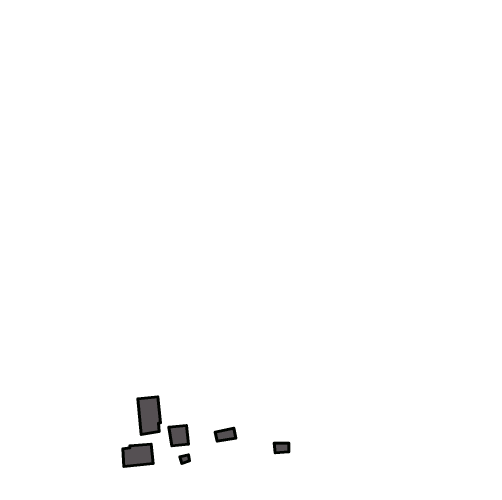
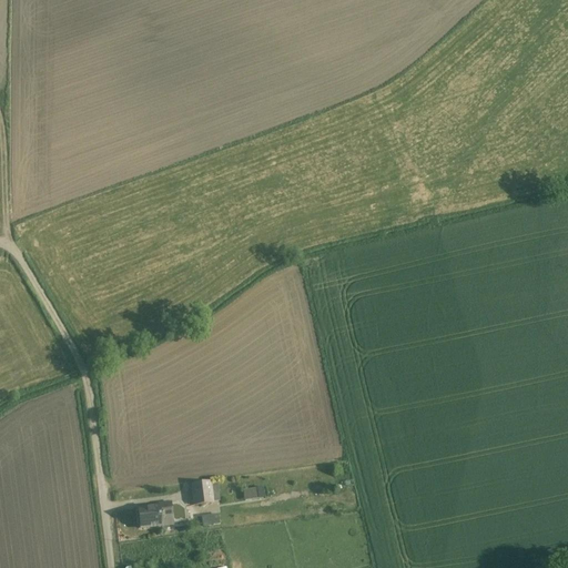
building: [138,397,161,434] -> none

